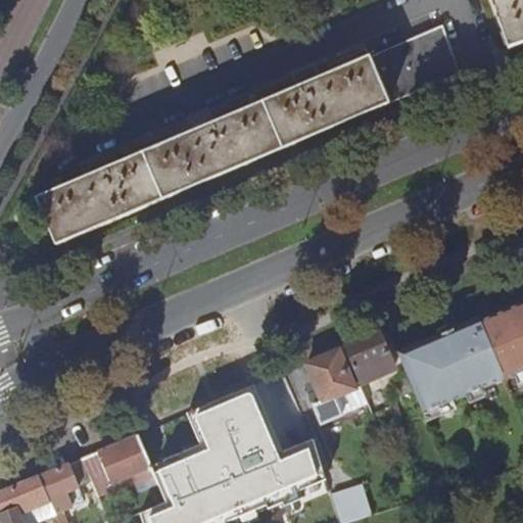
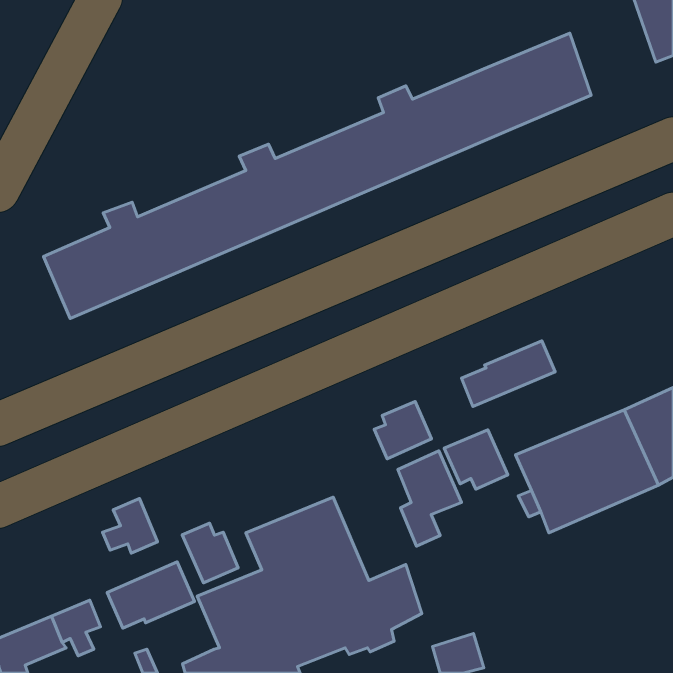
building: none -> [461,341,555,406]
building: none -> [374,402,431,459]
building: none -> [103,498,158,553]
building: none -> [182,523,238,583]

